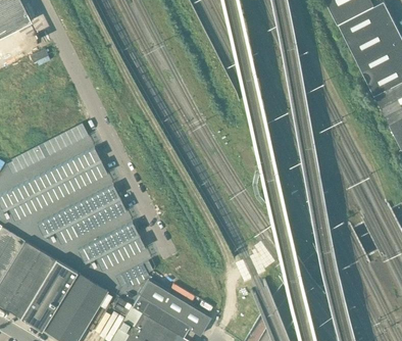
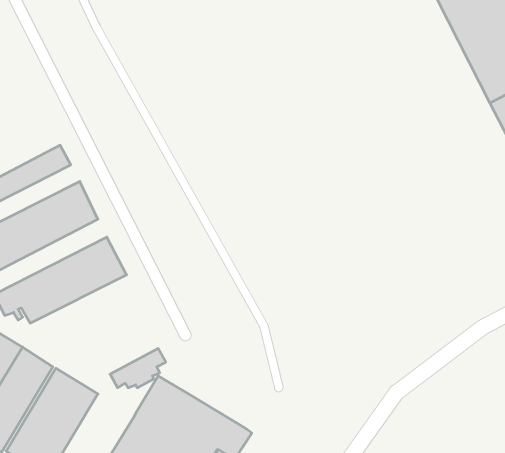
building: [78,223,145,271] -> none

